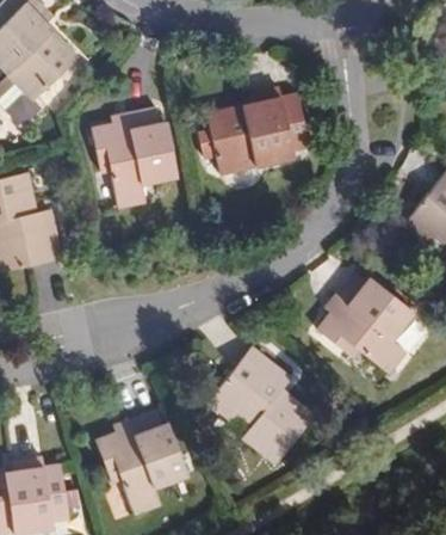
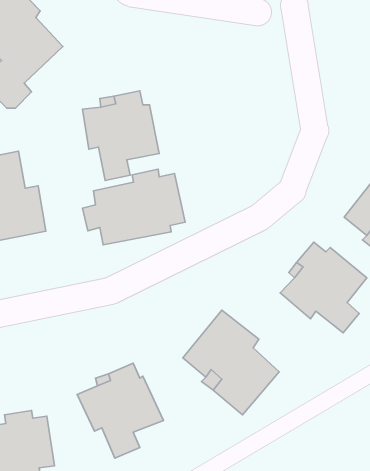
building: [197,90,310,173] -> [83,169,185,245]

